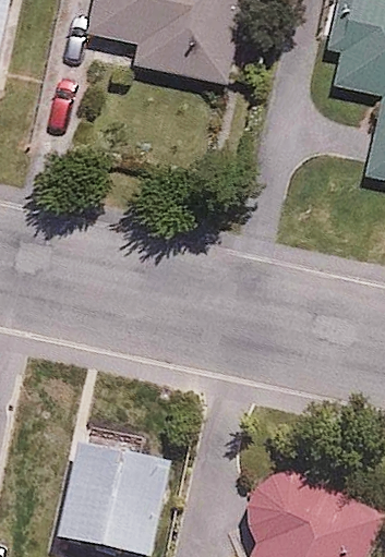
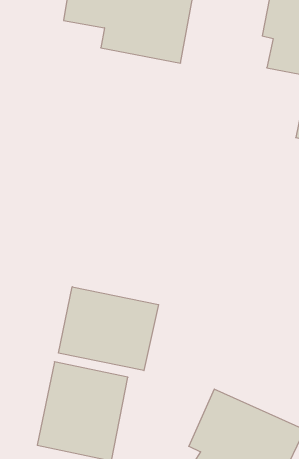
building: none -> [59,287,159,371]

